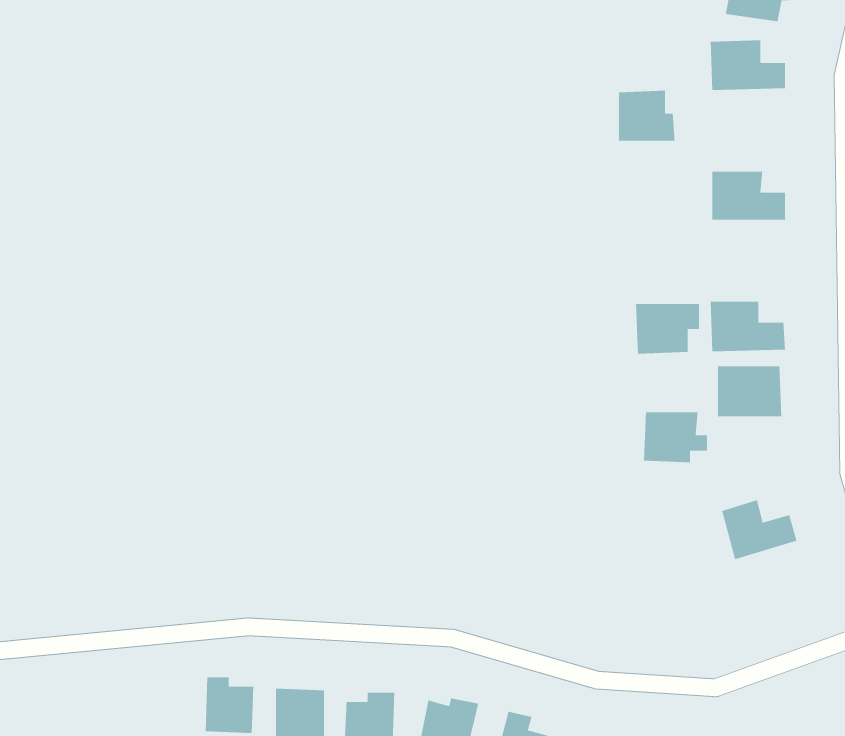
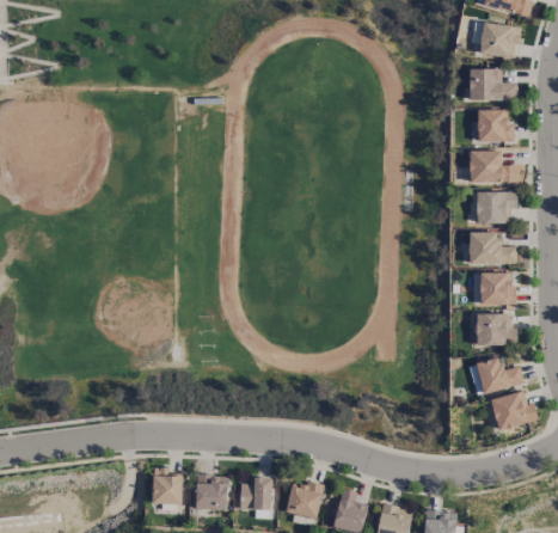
building: [618,90,675,141] -> [478,109,514,141]
building: [635,303,700,355] -> [476,191,516,223]
building: [643,412,708,463] -> [476,313,516,345]
building: none -> [490,390,538,430]

